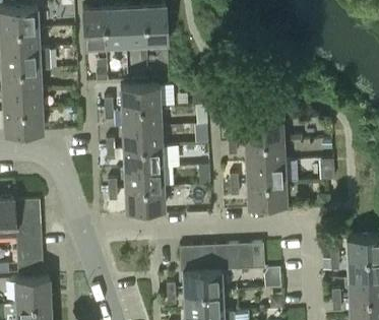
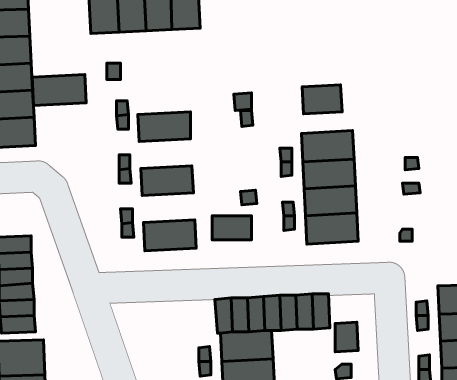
building: [120,87,161,111] -> [32,74,86,105]
building: none -> [302,85,342,114]
building: [122,129,162,151] -> none
building: [124,170,164,192] -> none

